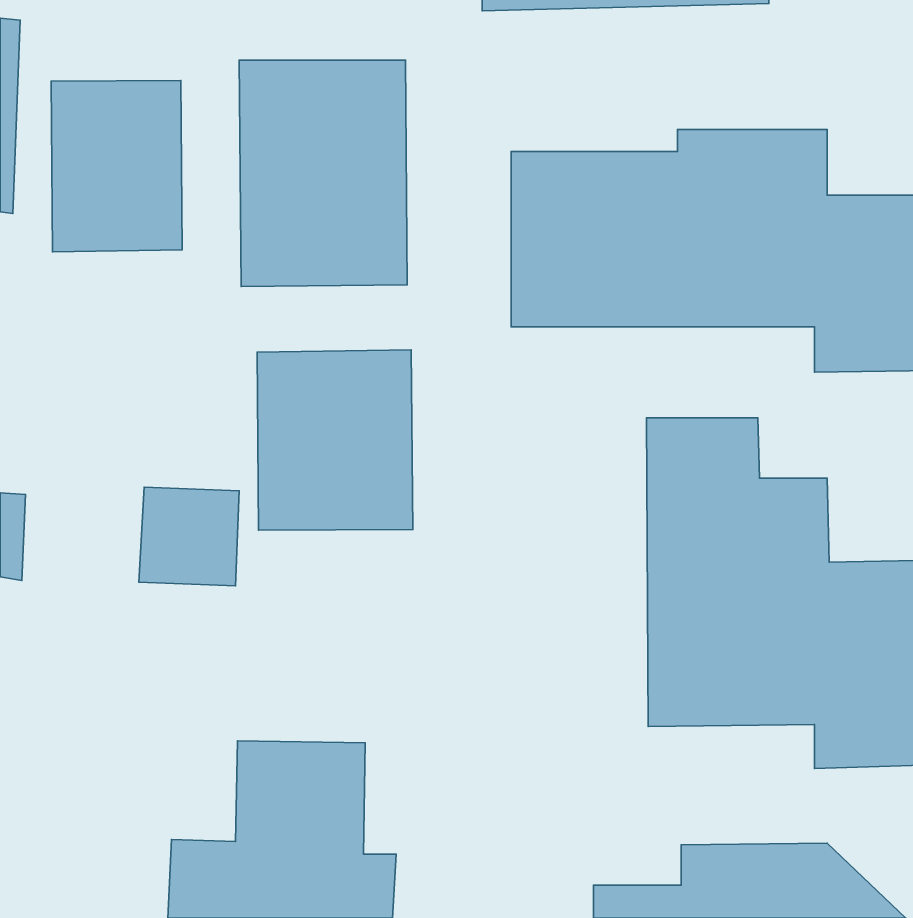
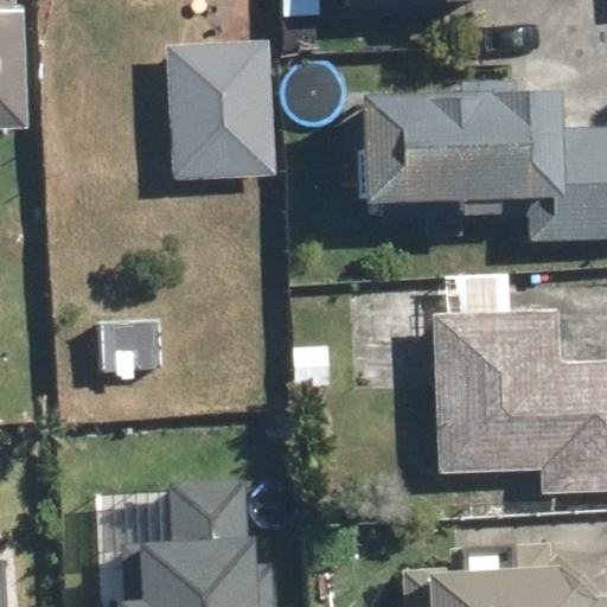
building: [51,80,182,252] -> none
building: [257,350,413,530] -> none

